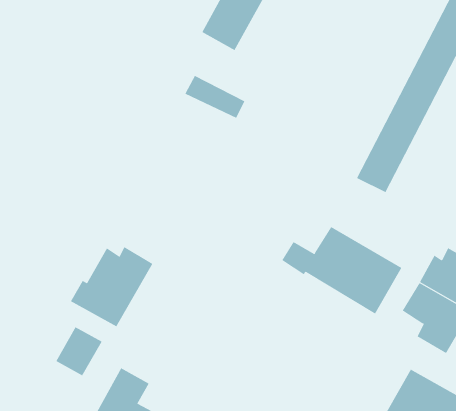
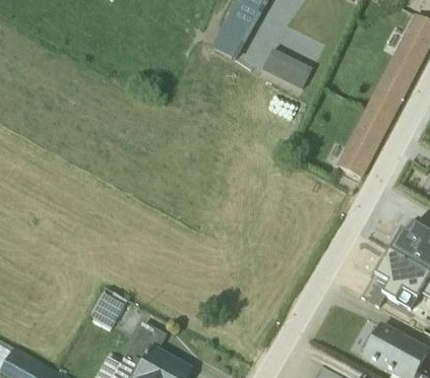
building: [184,75,245,119] -> [264,46,314,81]
building: [281,226,402,315] -> none
building: [70,246,153,327] -> none

